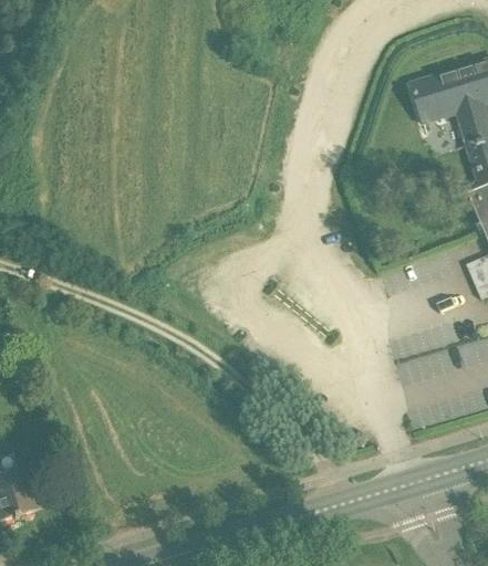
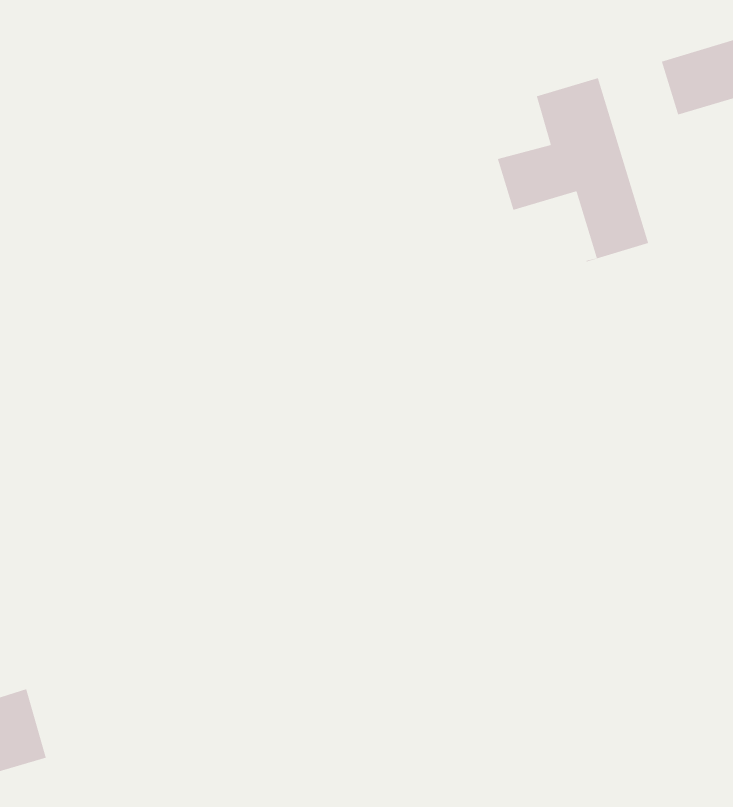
building: none -> [497,77,649,262]

